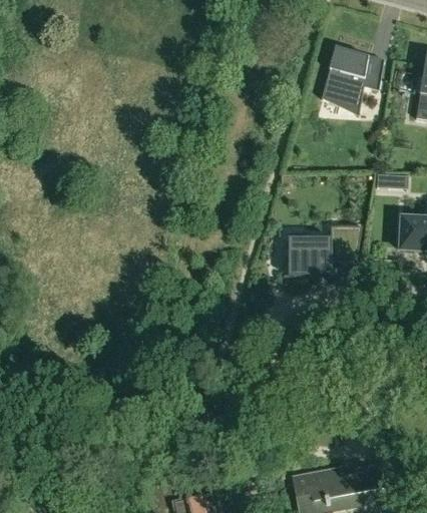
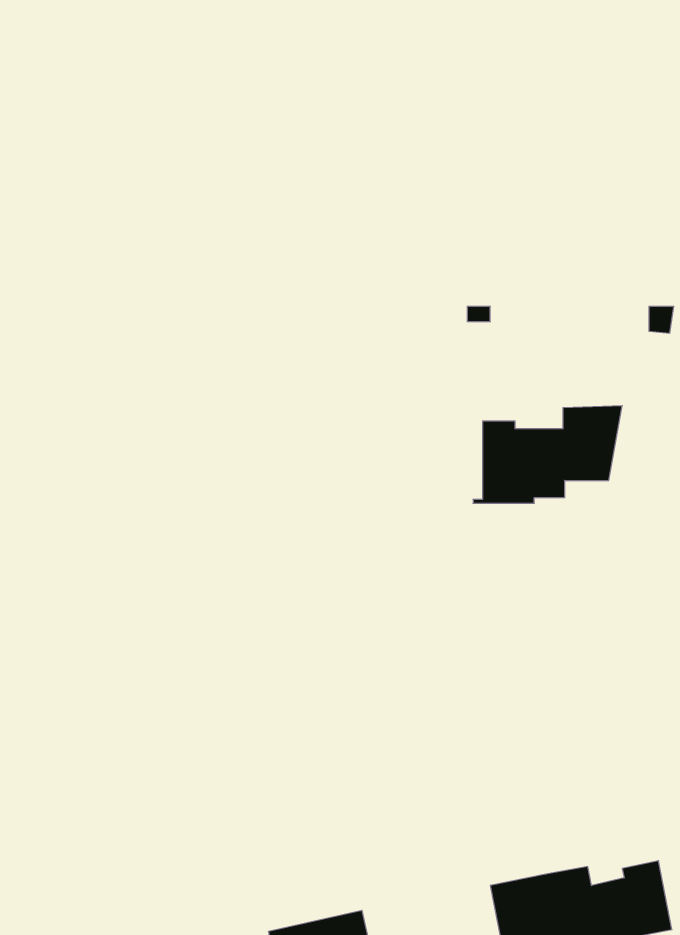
building: [322,46,381,116] -> none

